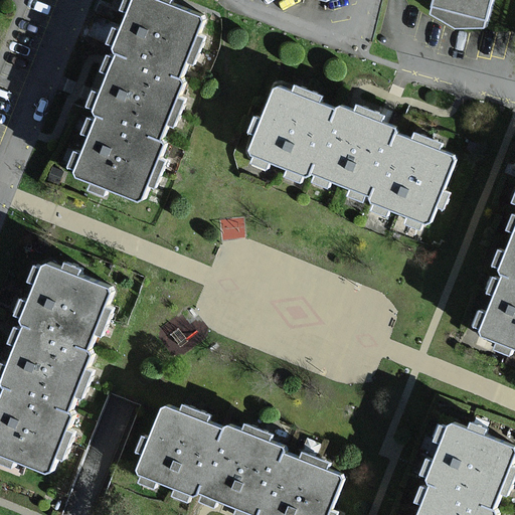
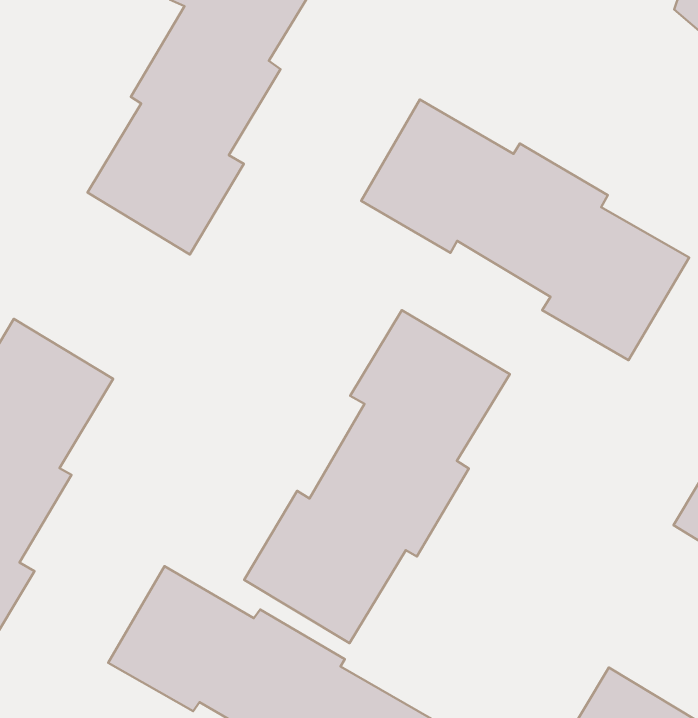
building: none -> [244,310,510,643]

